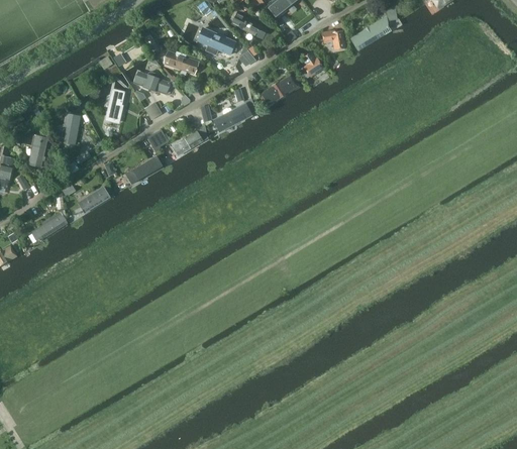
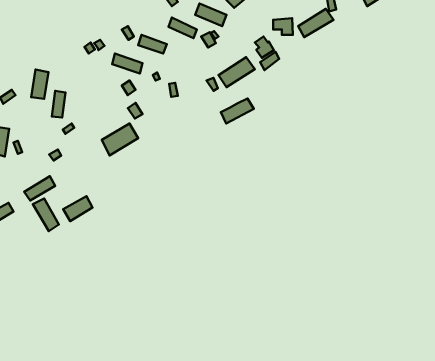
building: [104,89,125,122] -> none
building: [212,105,250,134] -> [221,98,254,123]
building: [169,128,203,158] -> none
building: [28,134,48,169] -> [31,69,49,99]
building: [76,187,110,216] -> [63,196,93,221]
building: none -> [33,198,59,231]

